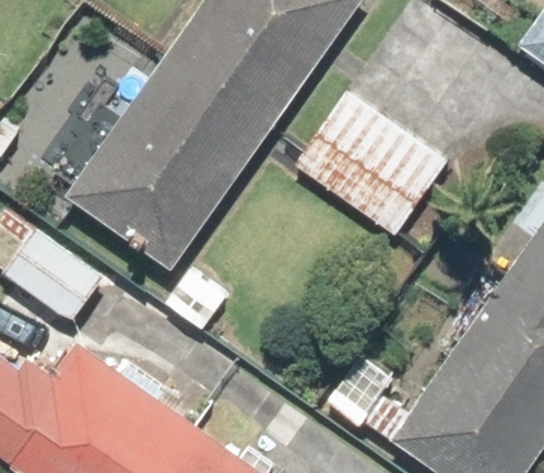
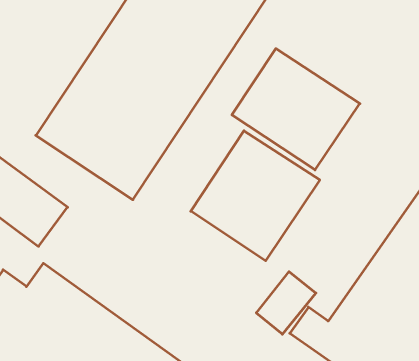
building: none -> [191,131,320,261]

